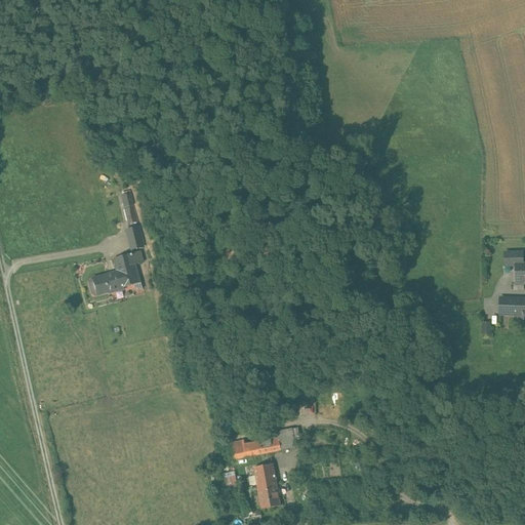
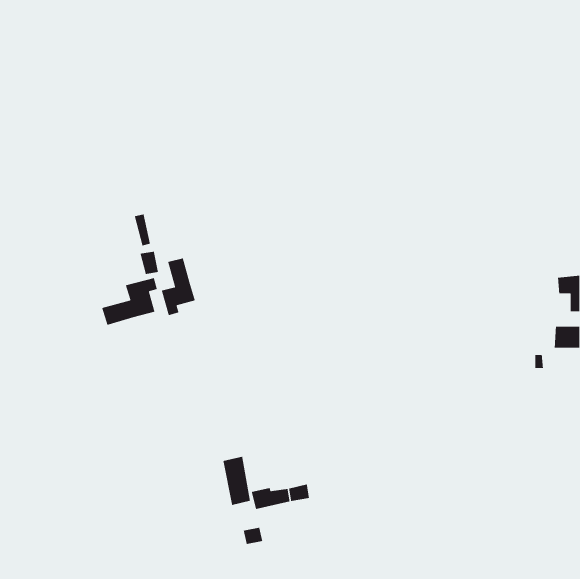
building: none -> [161,258,196,316]
building: [254,463,280,509] -> [222,456,251,506]

